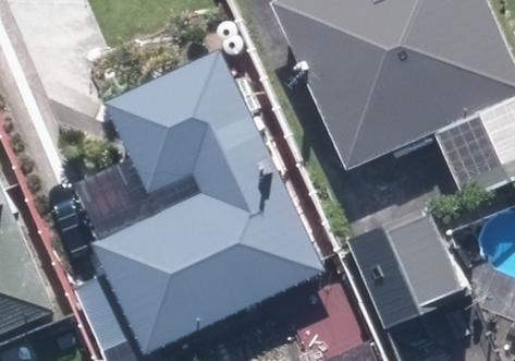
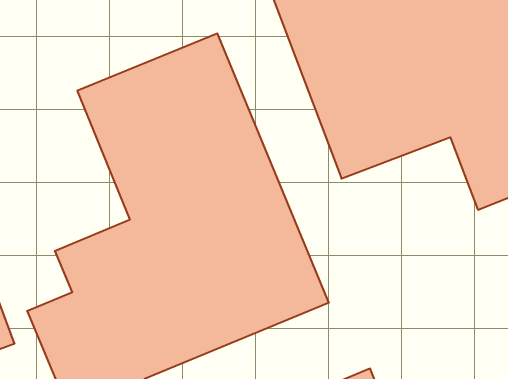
building: [346,202,471,326] -> none

